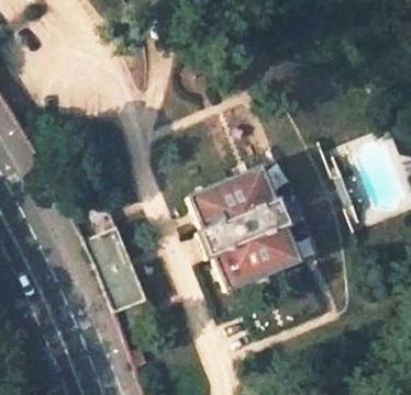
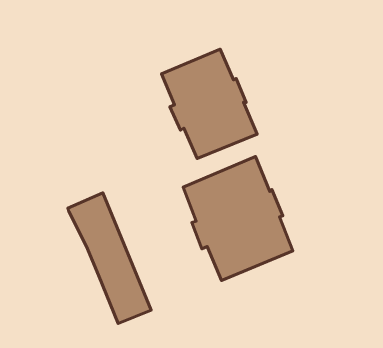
building: none -> [161,49,257,159]

